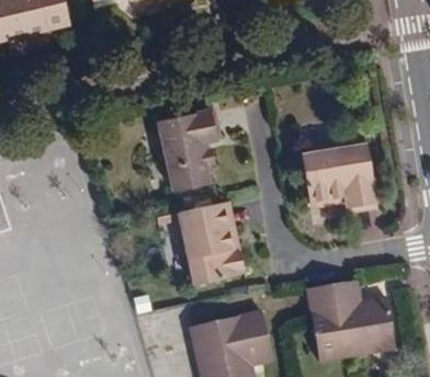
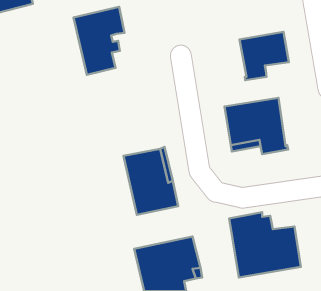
building: none -> [239,32,289,80]
building: [157,105,219,188] -> [73,7,124,75]

